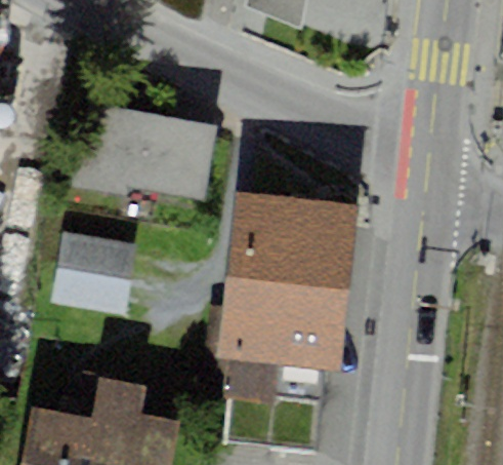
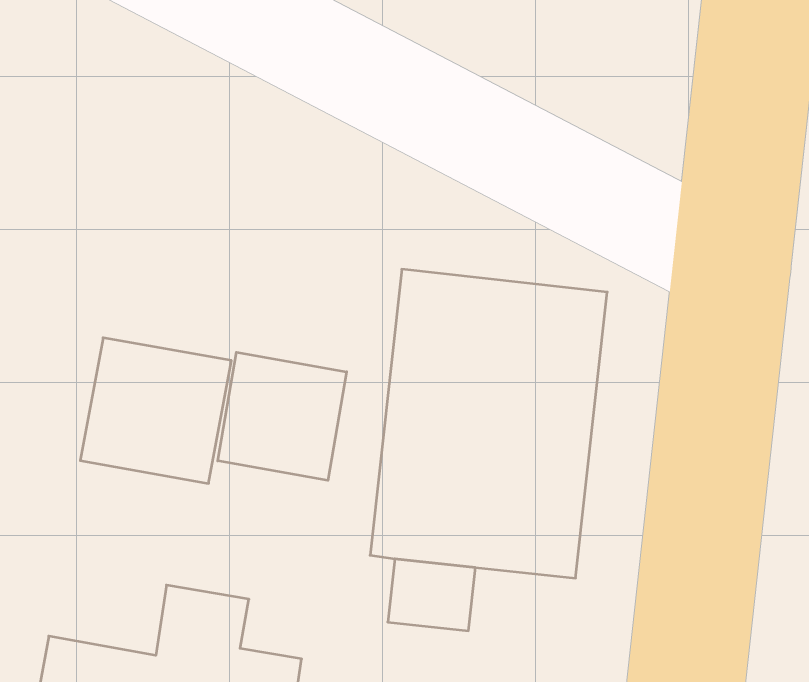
building: [72,103,217,199] -> none
building: none -> [218,352,347,480]

